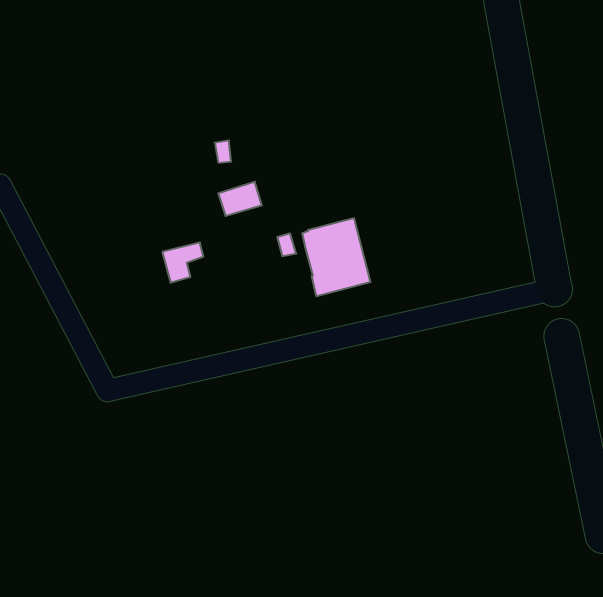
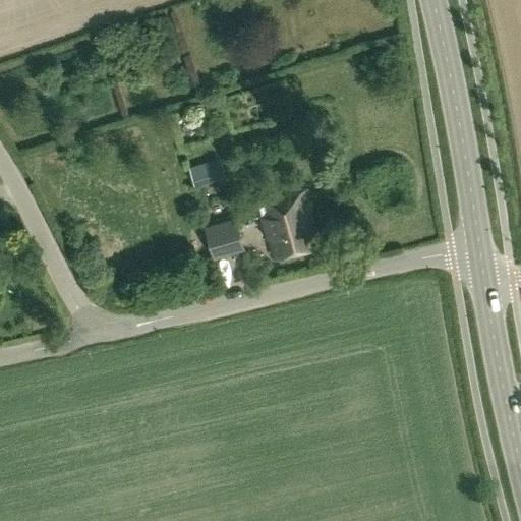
building: [162,242,203,283] -> [205,223,240,257]

